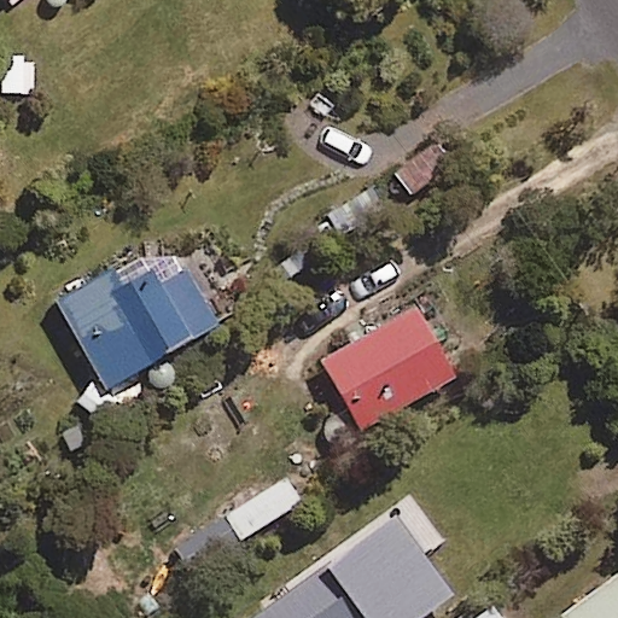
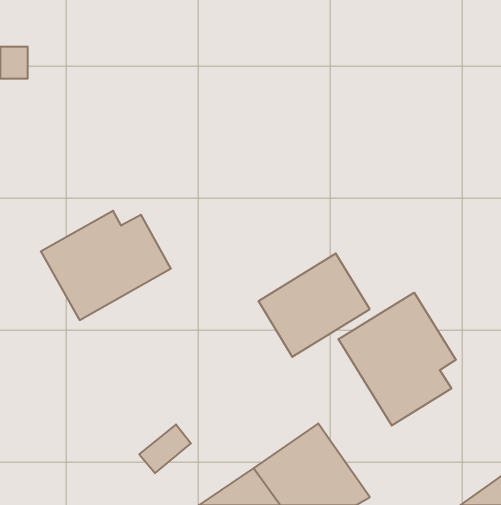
building: none -> [338,293,456,426]

